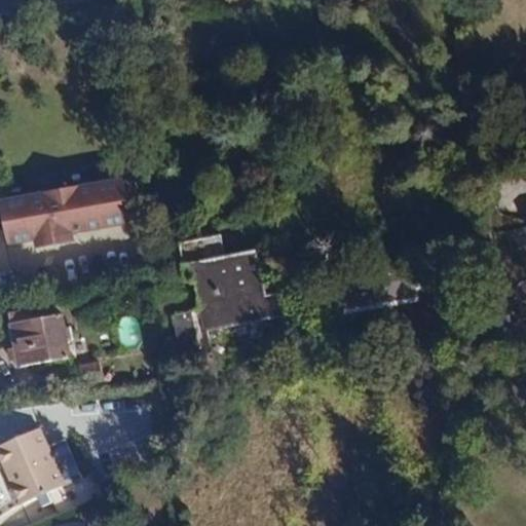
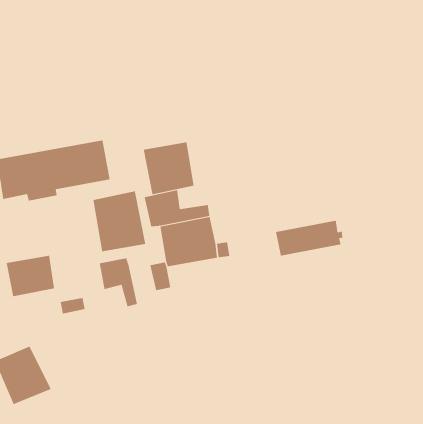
building: none -> [143,142,194,195]
building: none -> [93,190,146,252]
building: none -> [99,258,137,307]

